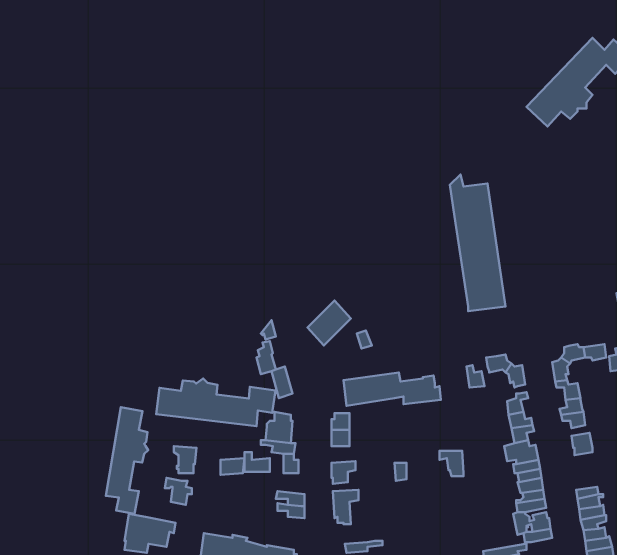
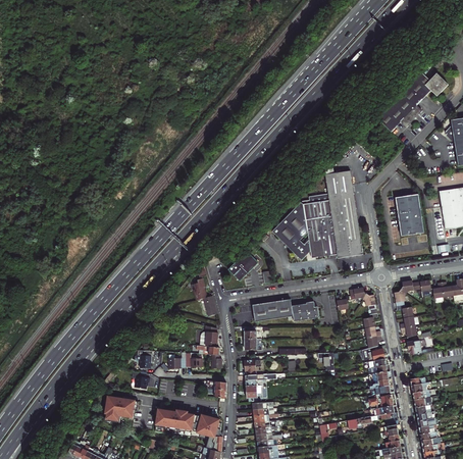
building: none -> [272,193,338,259]
building: none -> [396,194,424,236]
building: [156,378,275,426] -> none
building: [106,407,148,514] -> none

